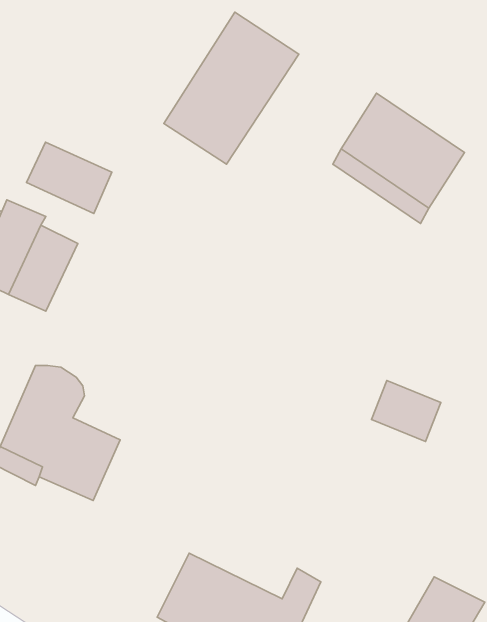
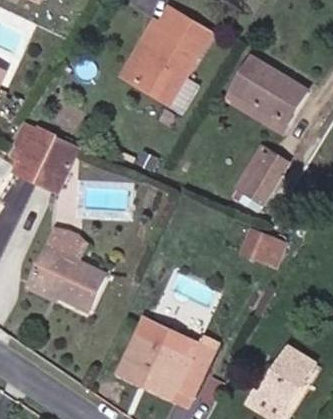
building: [27,142,112,214] -> none
building: none -> [233,152,284,208]
building: none -> [143,316,207,361]

